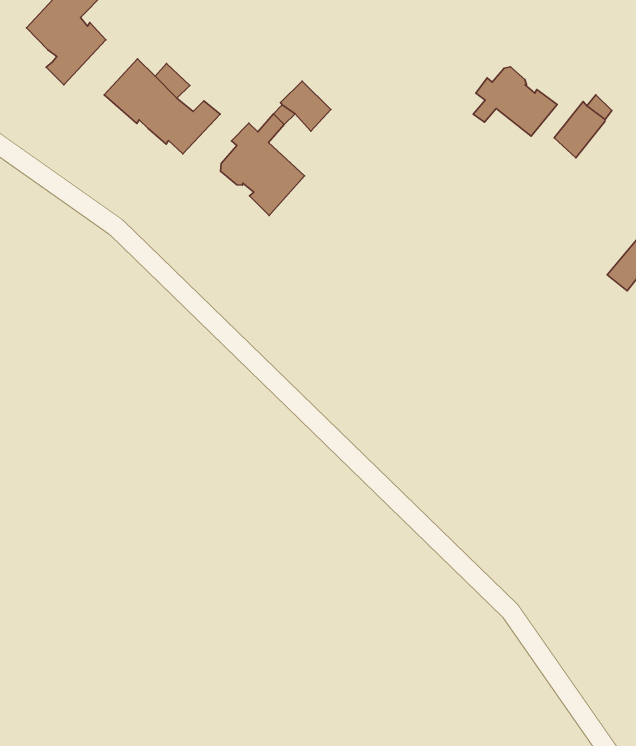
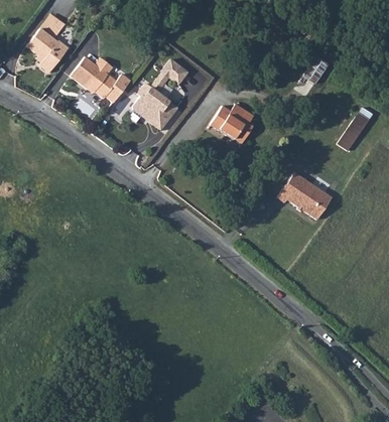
building: [473,67,557,136] -> none
building: none -> [211,104,254,144]
building: none -> [278,172,333,220]

